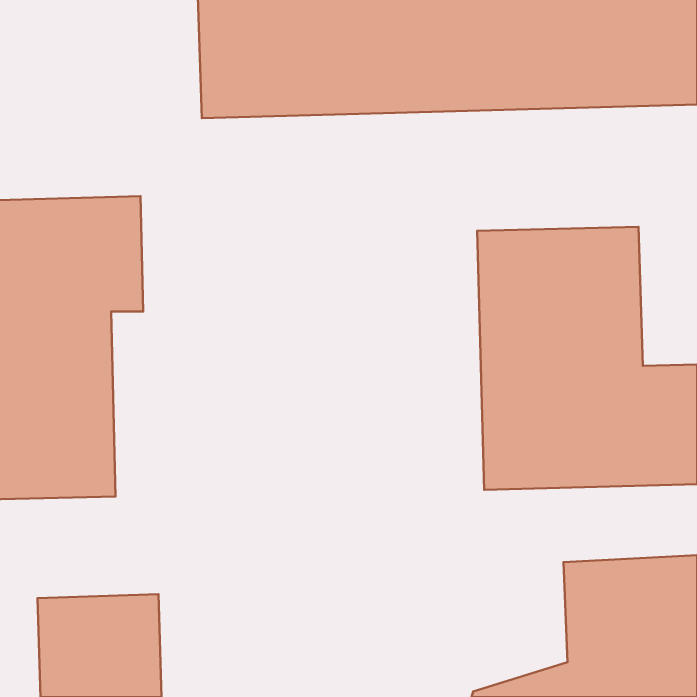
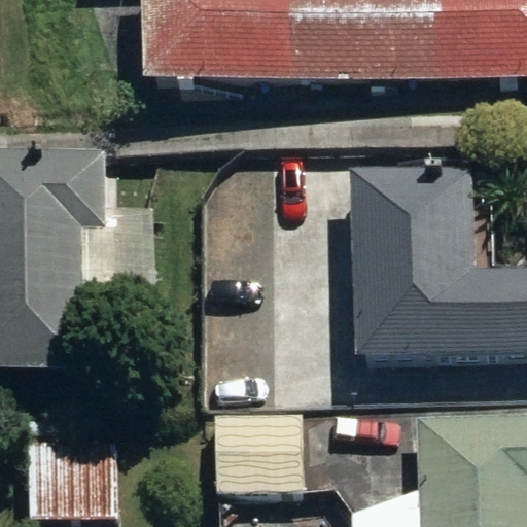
building: none -> [214,412,303,493]

